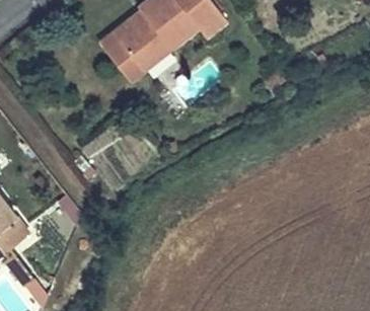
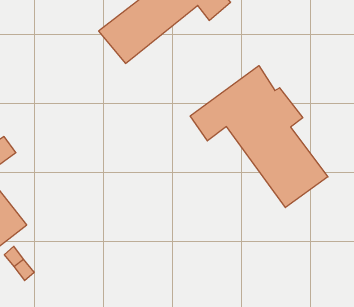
building: none -> [190,66,328,208]

